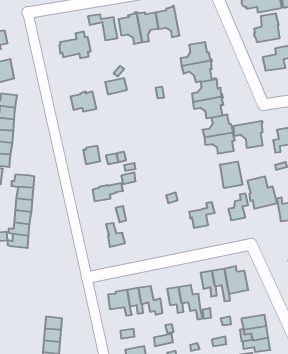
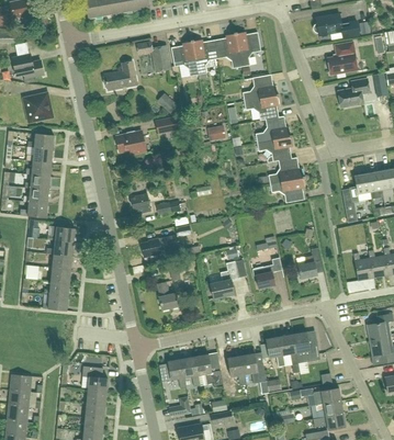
building: none -> [235,32,260,66]
building: [233,121,263,148] -> none
building: [220,162,243,188] -> none
building: [247,176,277,209] -> none
building: none -> [211,261,239,297]
building: none -> [82,365,108,392]

